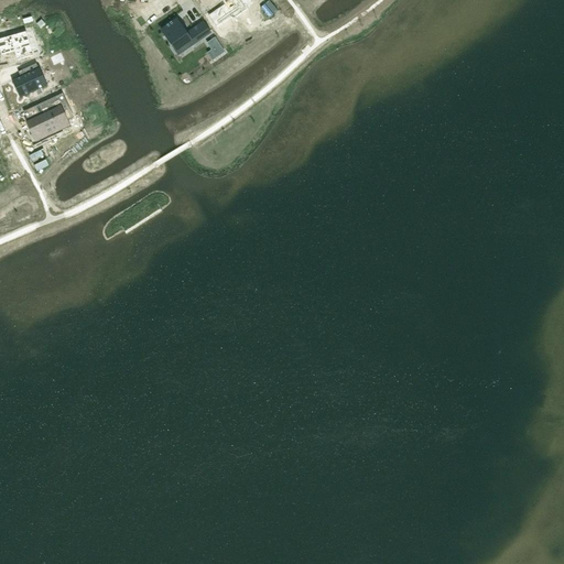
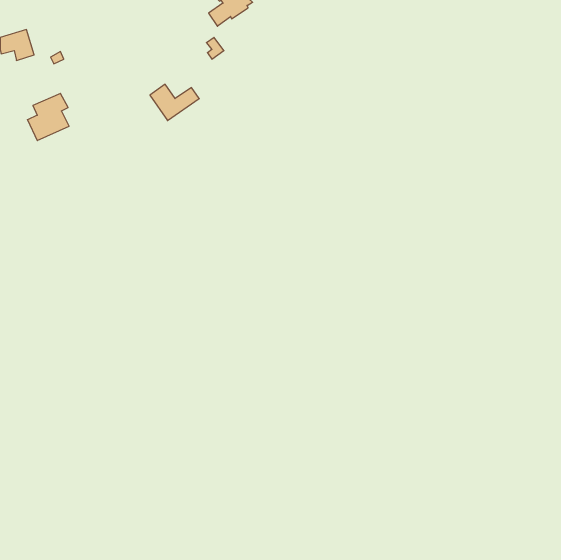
building: [161,18,210,54] -> [150,84,199,121]
building: [13,63,47,97] -> none

